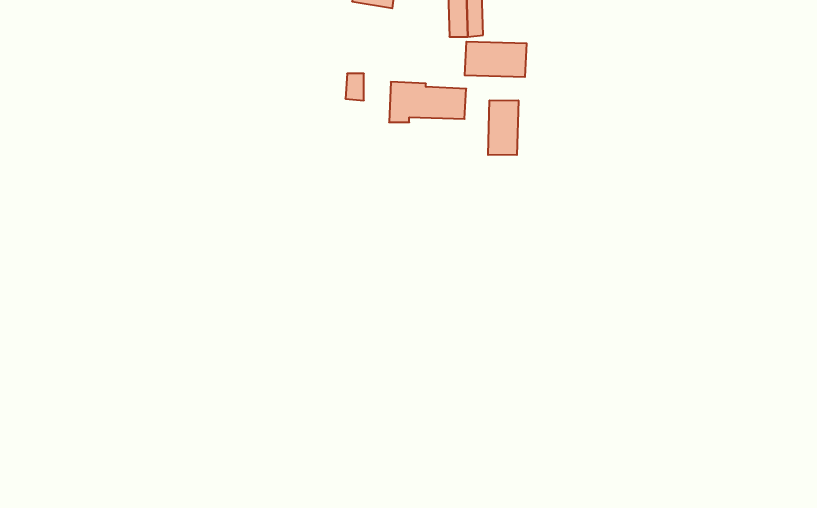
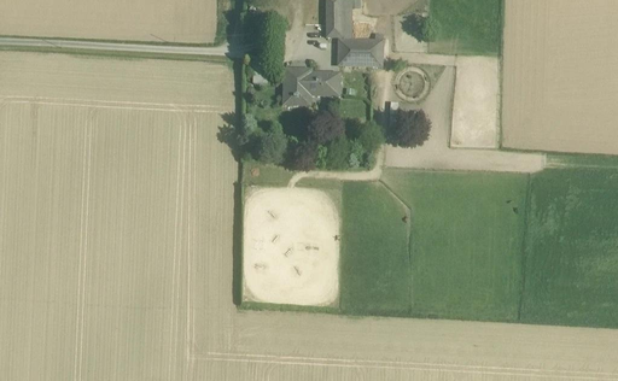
building: [488,100,518,155] -> none

